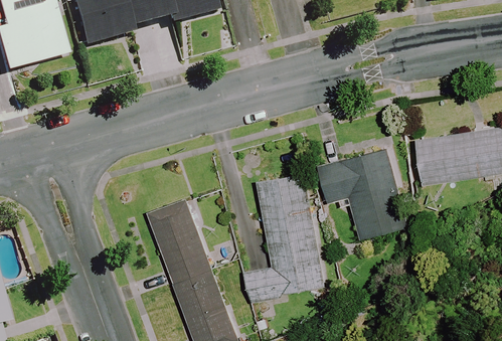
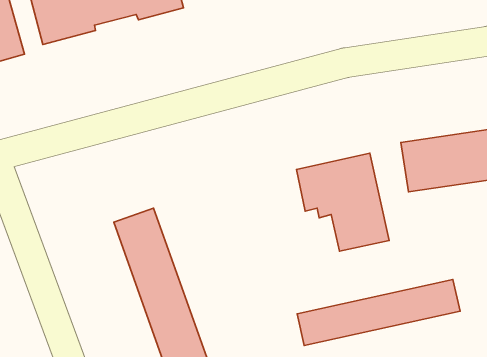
building: [248,171,327,297] -> none
building: none -> [297,279,460,345]

